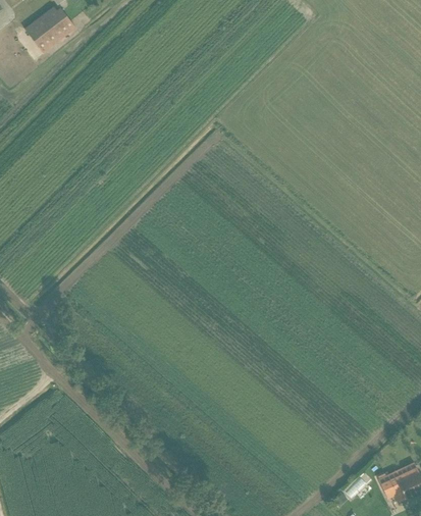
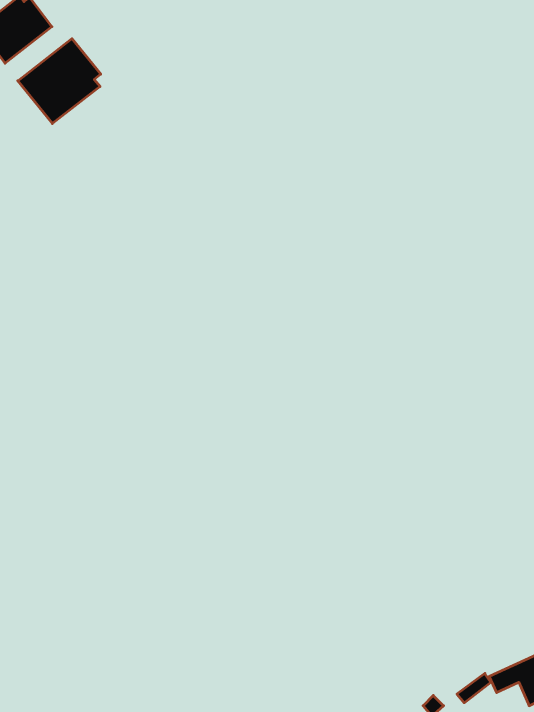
building: none -> [18,39,101,124]

